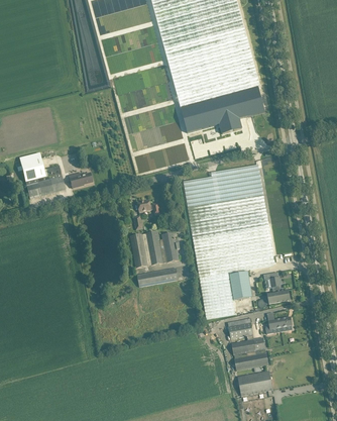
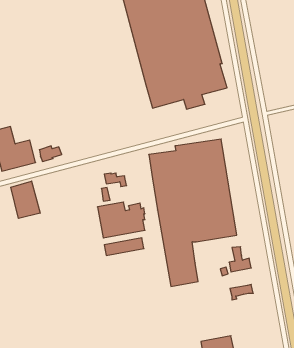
building: none -> [11,181,40,218]
building: [229,271,252,299] -> none
building: [229,318,268,372] -> none

